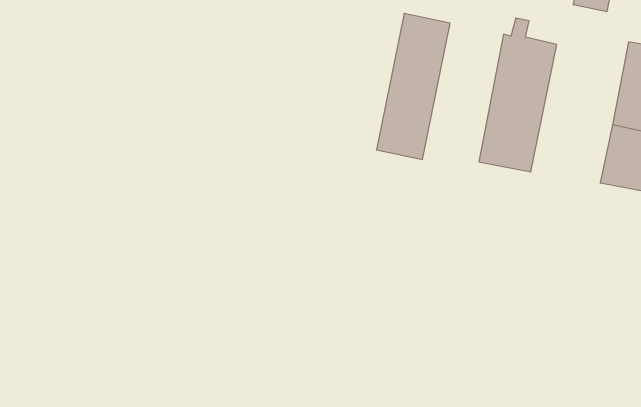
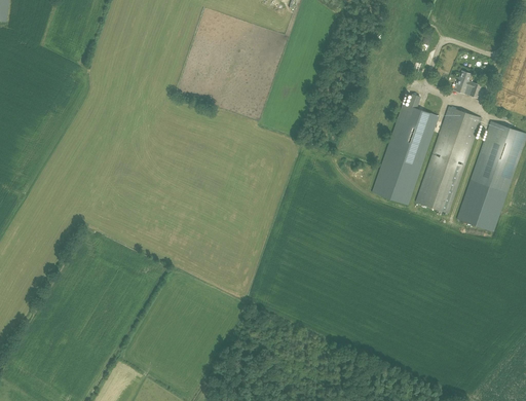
building: [376,13,450,160] -> [415,107,480,213]

